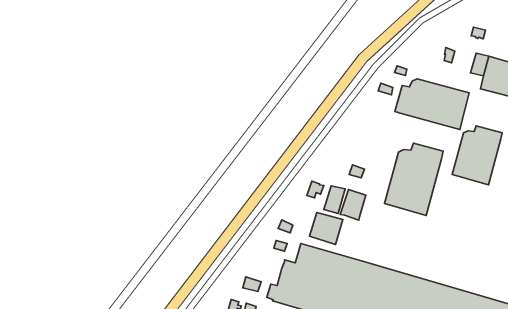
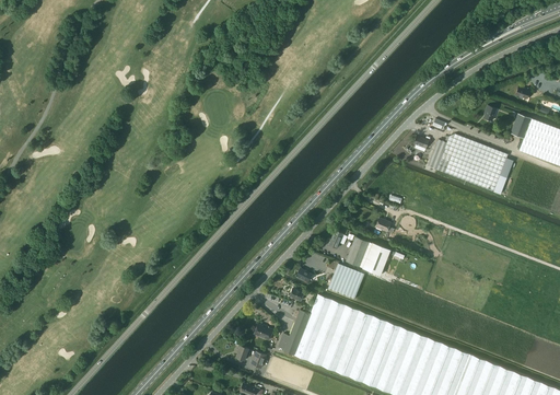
building: [452,126,502,185] -> none
building: [385,143,443,215] -> none

